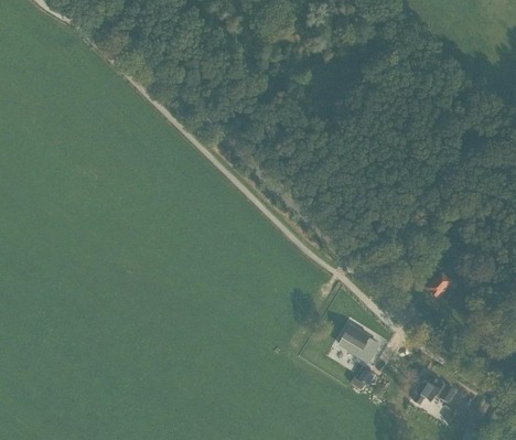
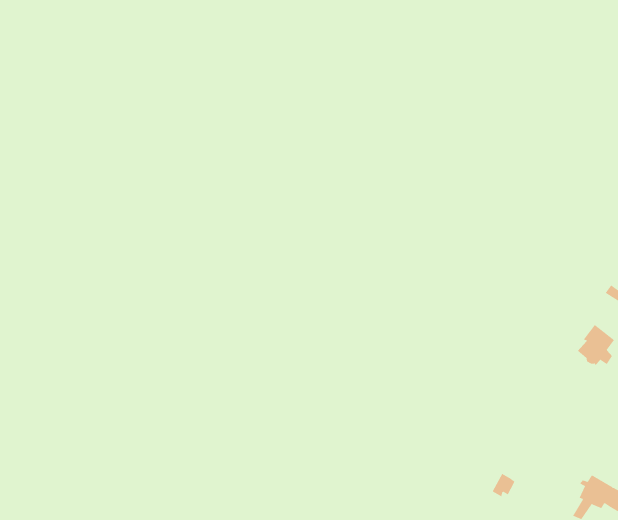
building: [338,324,373,358] -> none

